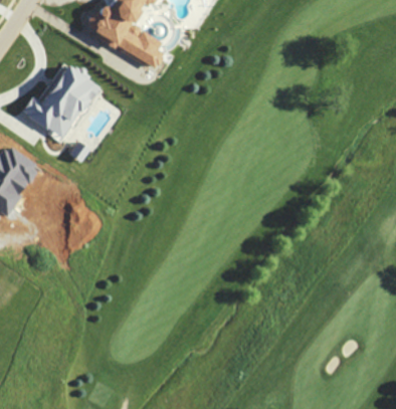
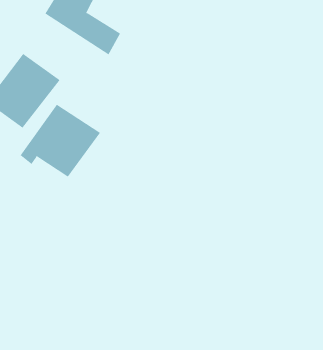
building: none -> [20,104,101,177]

